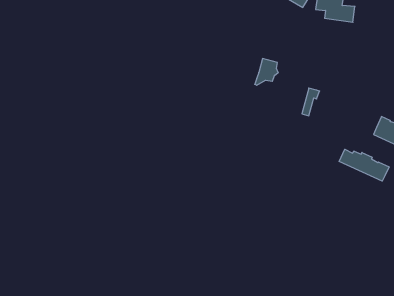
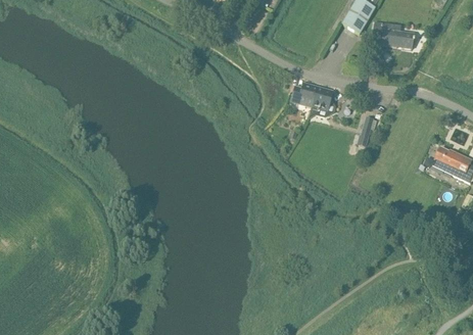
building: none -> [291,83,318,107]
building: [339,149,389,181] -> none

